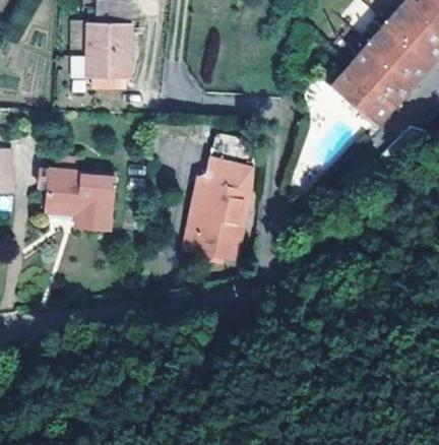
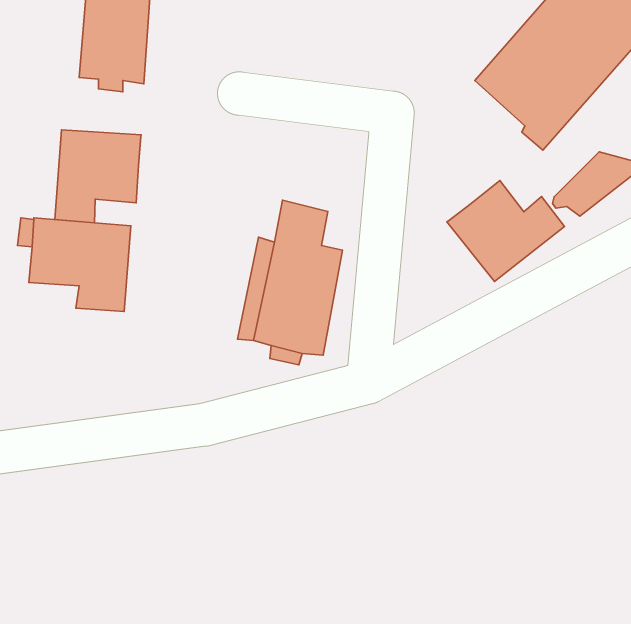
building: none -> [55,130,141,223]
building: none -> [447,181,565,281]

